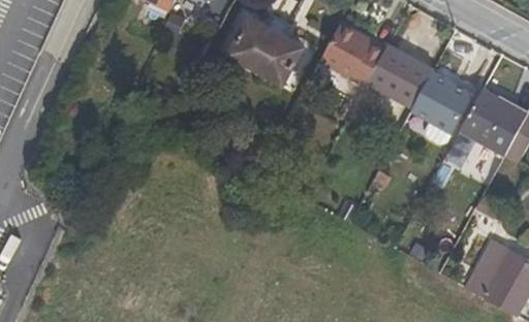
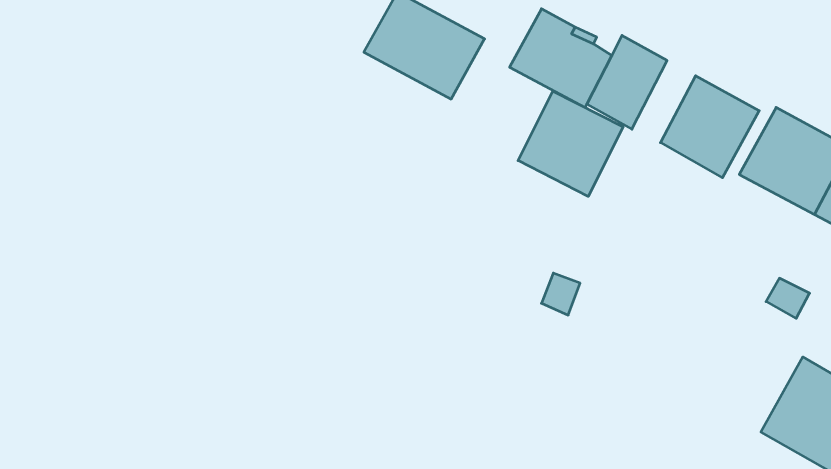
building: none -> [518,91,623,196]

